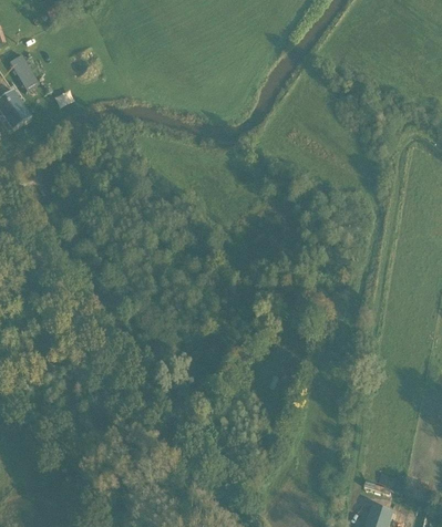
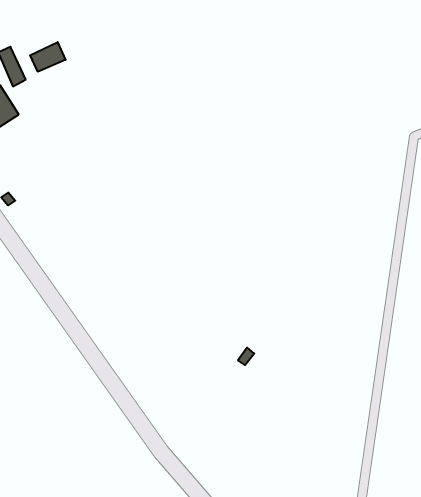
building: none -> [30,42,66,72]

